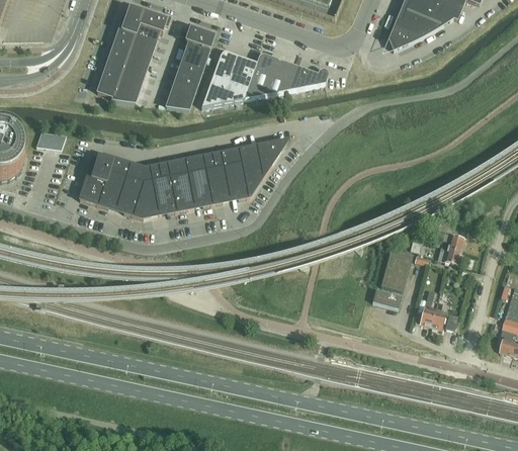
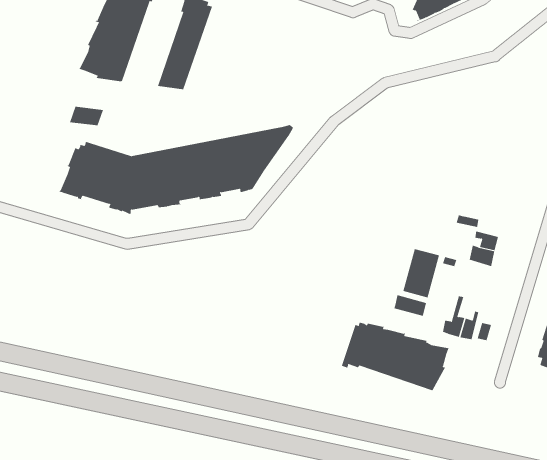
building: [201,51,328,106] -> none
building: [36,131,67,149] -> [69,106,104,126]
building: none -> [341,322,449,391]

